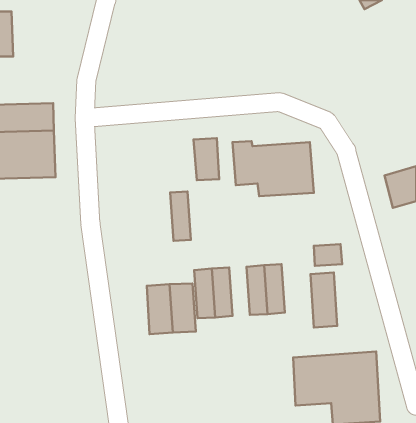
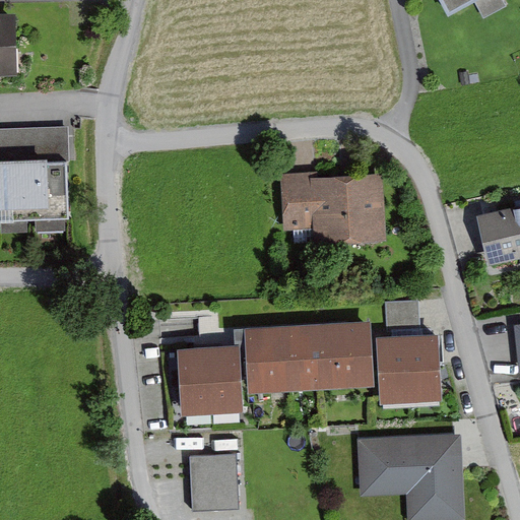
building: [193,138,219,180] -> none
building: [170,192,191,241] -> [280,328,306,388]
building: none -> [344,324,370,384]
building: none -> [408,333,441,400]
building: none -> [184,452,233,510]

